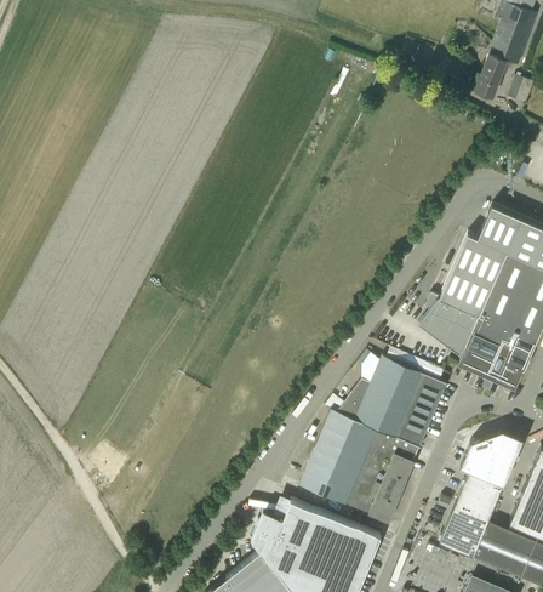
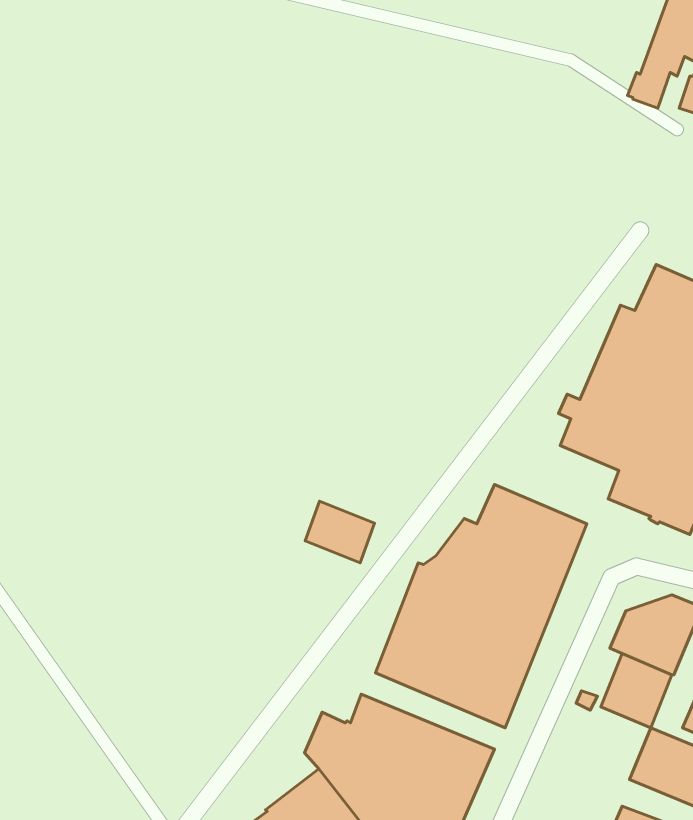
building: none -> [305,501,374,563]
building: [439,508,487,558] -> none

